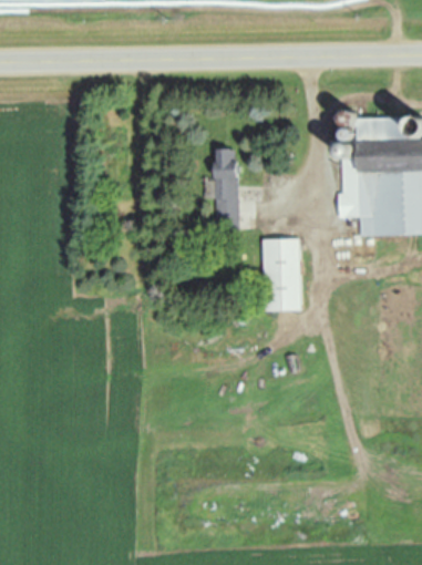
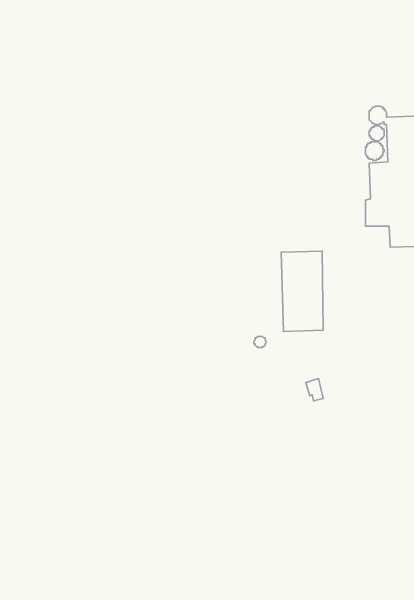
building: [205,151,241,230] -> none

